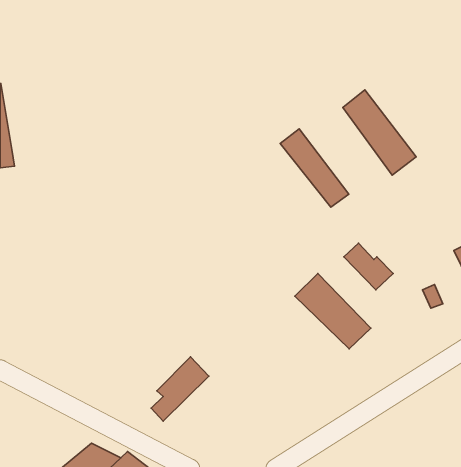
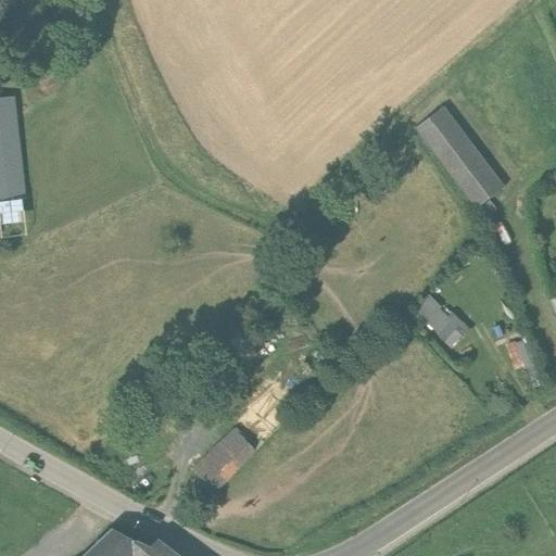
building: [280,129,349,207] -> none
building: [295,274,371,349] -> none

